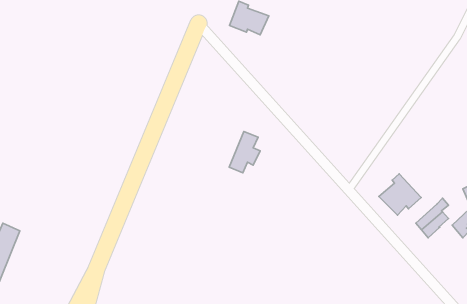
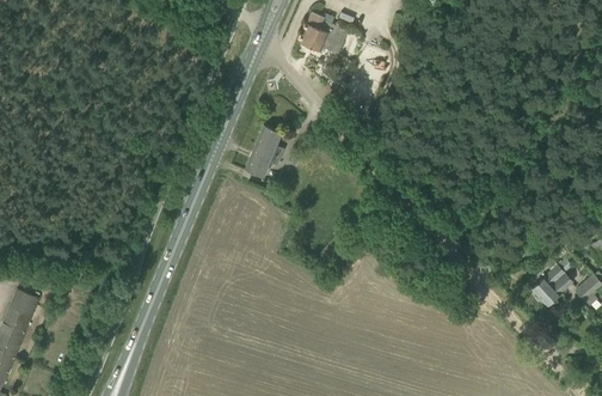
building: [229,132,260,173] -> [244,126,282,177]
building: [379,174,421,215] -> none

